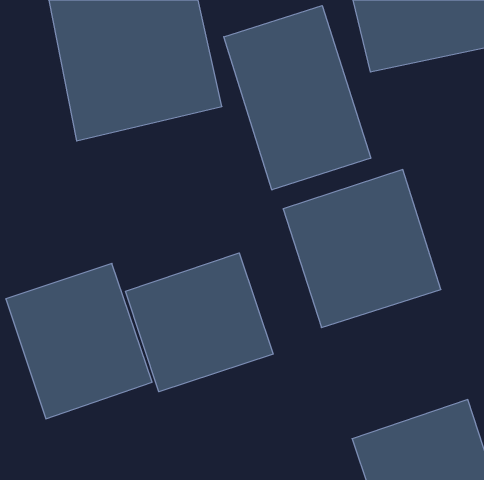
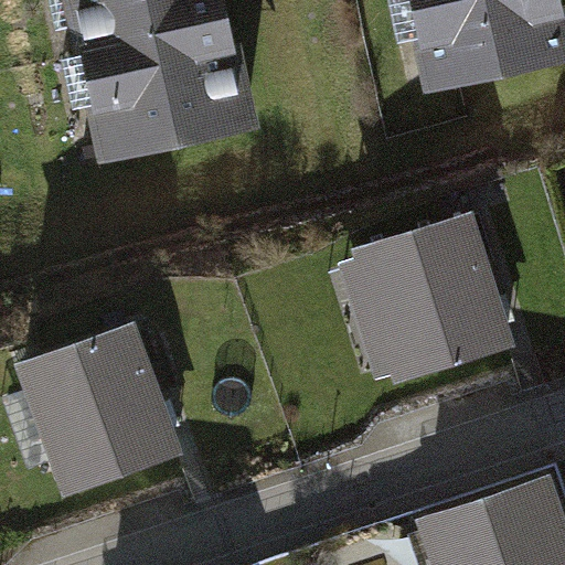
building: [224,6,371,190] -> none
building: [125,253,273,392] -> none

